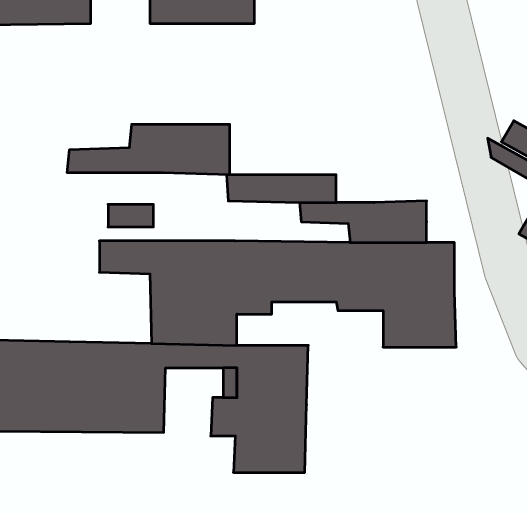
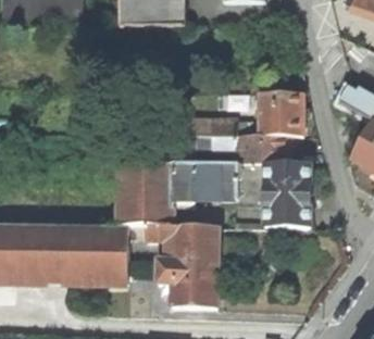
building: [67,124,230,175] -> none
building: none -> [259,91,302,136]

